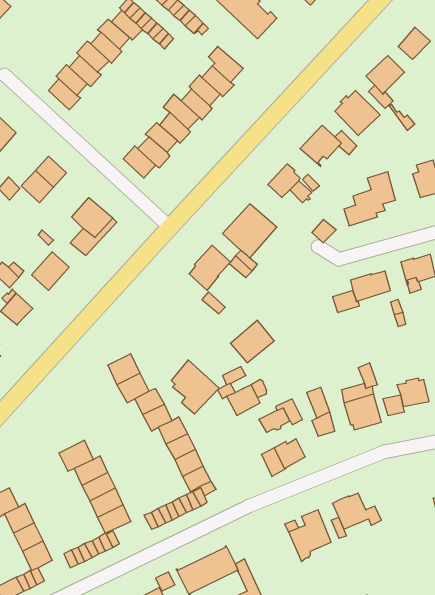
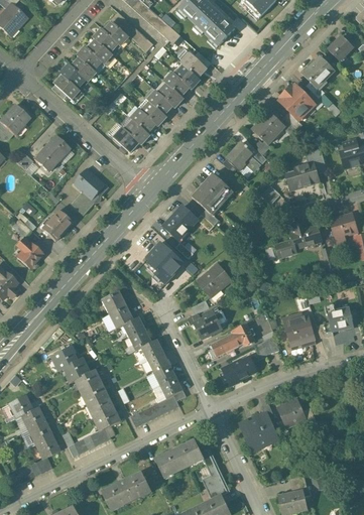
building: [171,360,219,414] -> [147,241,185,283]
building: none -> [50,346,78,370]

